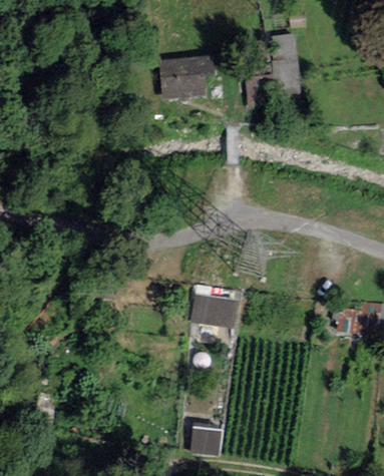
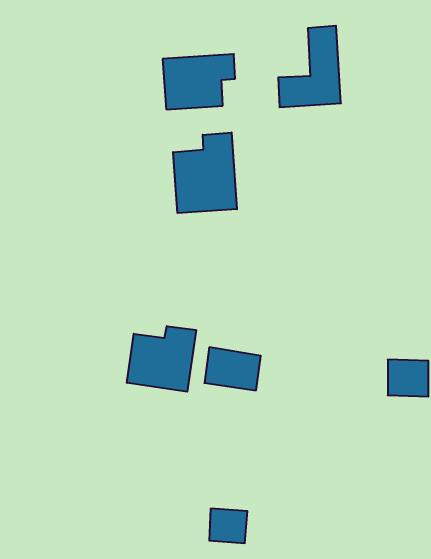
building: none -> [173,132,237,213]
building: none -> [127,326,196,392]

